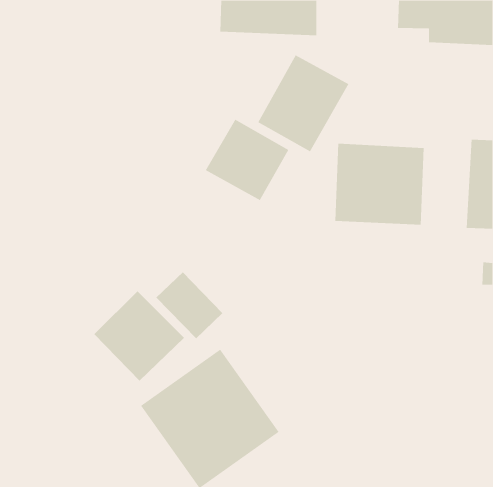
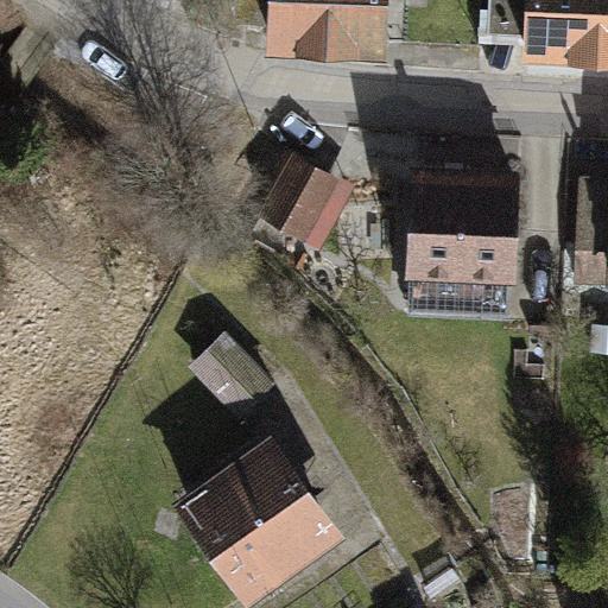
building: [258,55,349,152] -> none
building: [93,291,185,382] -> none

